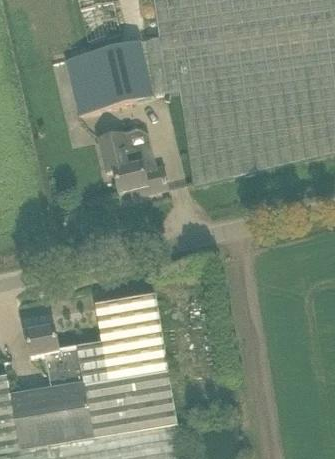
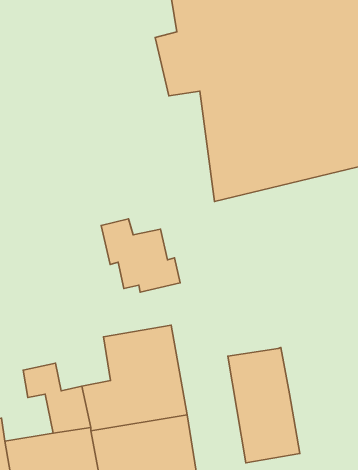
building: [67,43,154,114] -> none
building: [99,133,168,197] -> [101,219,180,292]
building: none -> [228,347,300,463]

